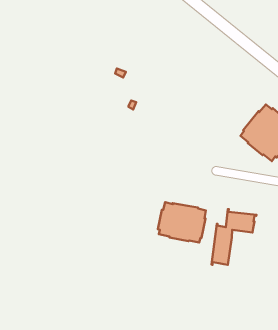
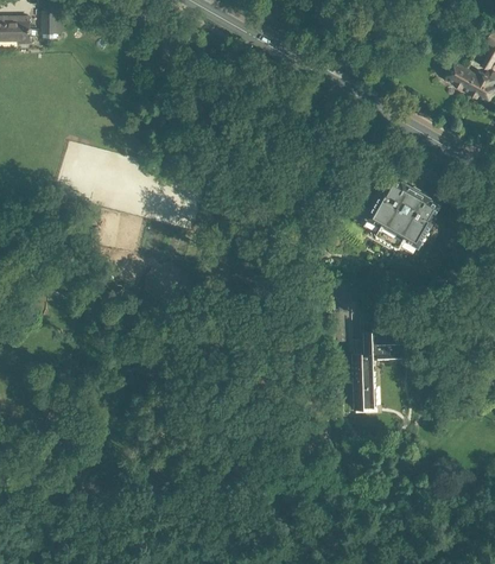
building: [158,202,206,242] -> none

